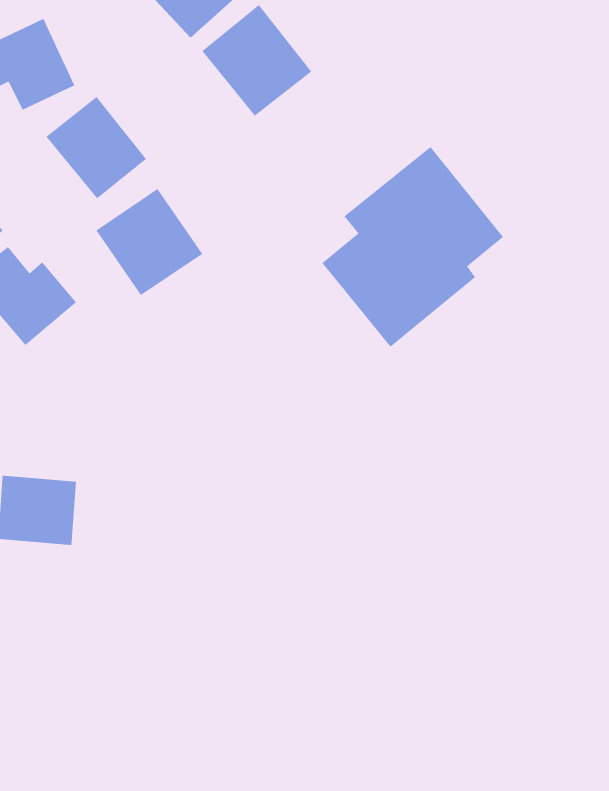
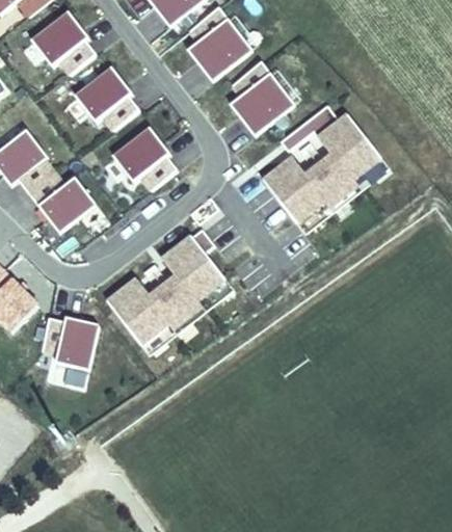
building: none -> [222,59,295,133]
building: none -> [104,234,228,354]

